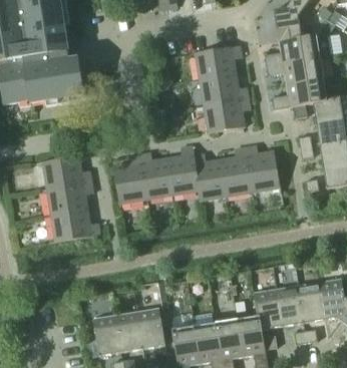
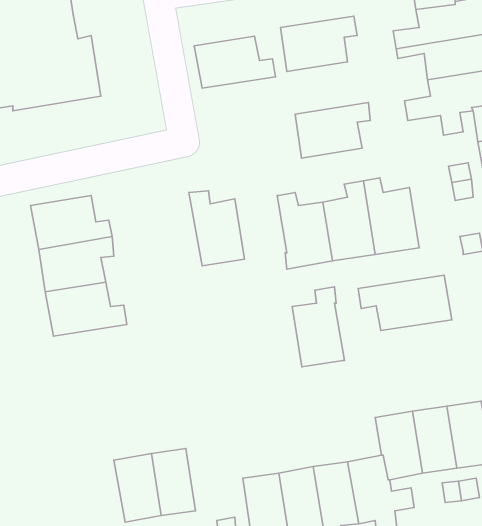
building: [199,73,249,105] -> [194,36,276,88]
building: [166,145,199,195] -> [292,287,344,367]
building: [113,153,146,204] -> none
building: none -> [358,275,452,330]
building: [136,307,164,349] -> none

